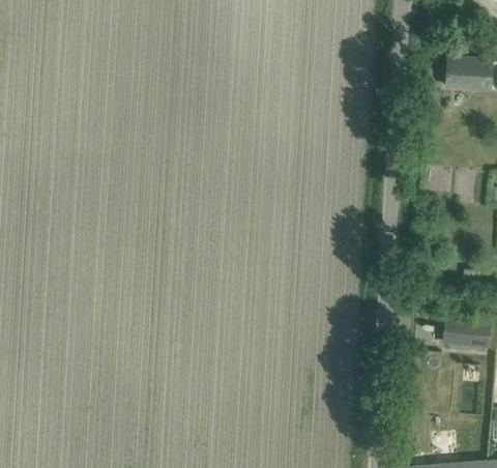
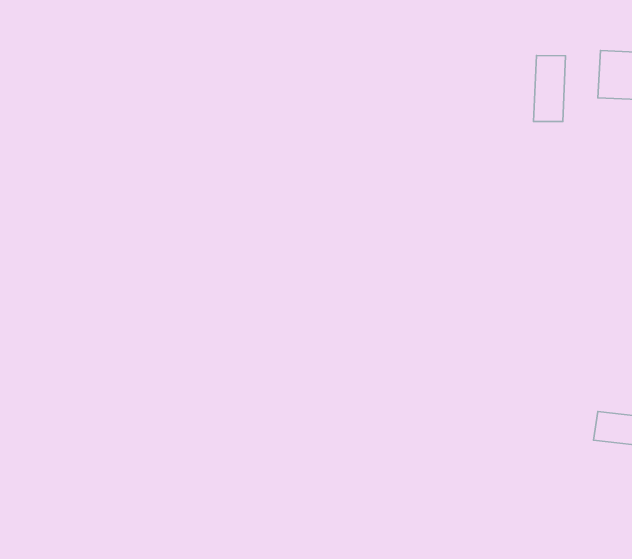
building: none -> [533,56,566,122]

